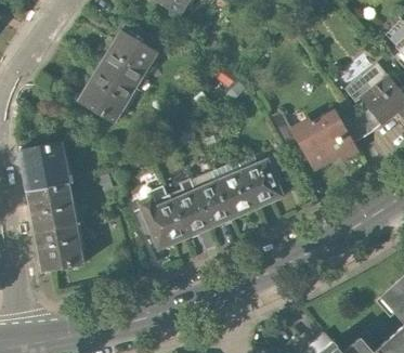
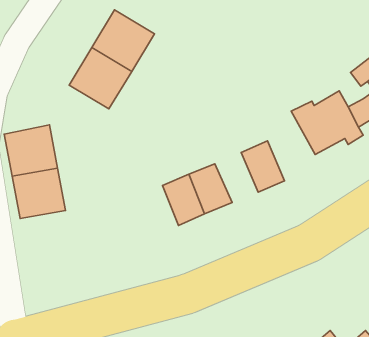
building: [218,168,259,215] -> none
building: [143,199,183,247] -> none
building: [32,223,82,270] -> none

